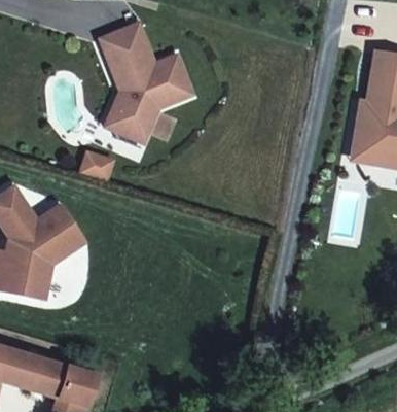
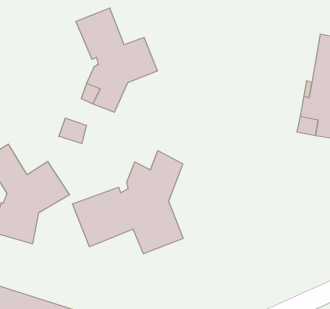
building: none -> [72,151,183,254]

